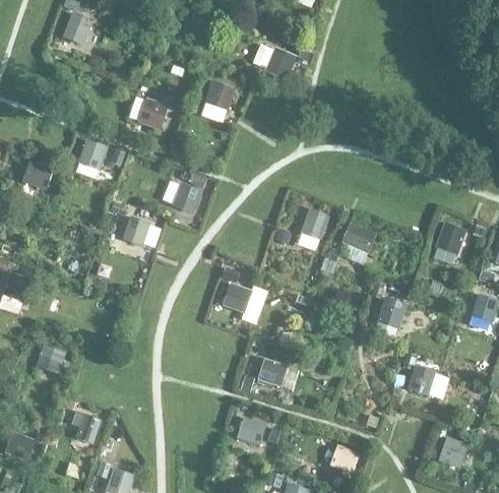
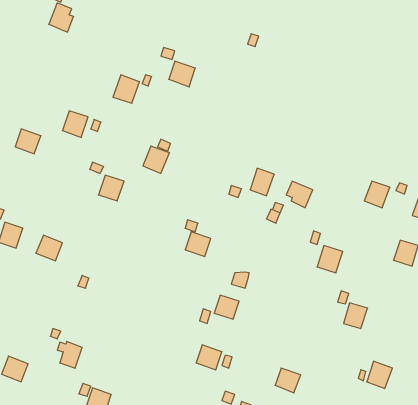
building: [264,47,295,79] -> none
building: [35,342,66,372] -> [36,235,62,261]

